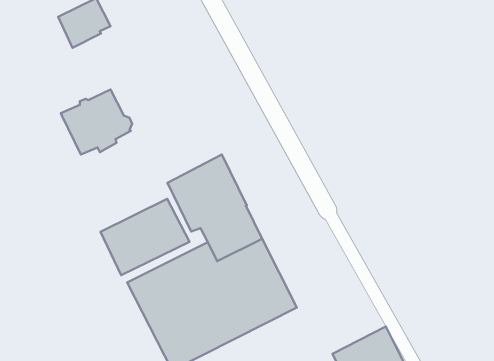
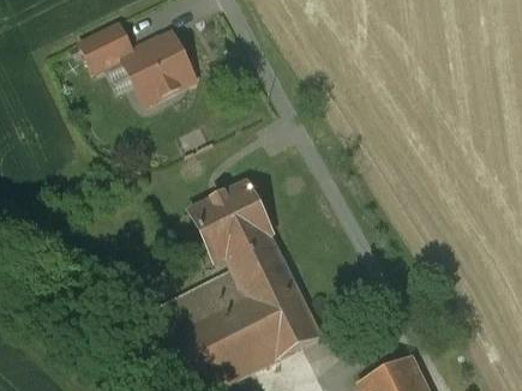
building: [61,89,132,155] -> [122,31,194,97]
building: [100,199,189,275] -> none

